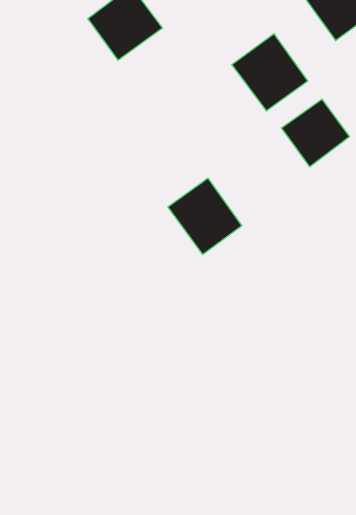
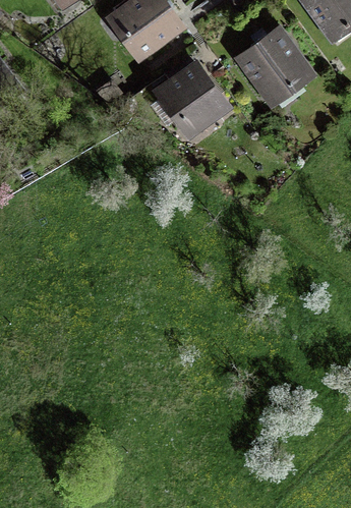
building: [281,99,349,167] -> none
building: [168,178,242,254] -> [160,65,225,132]

